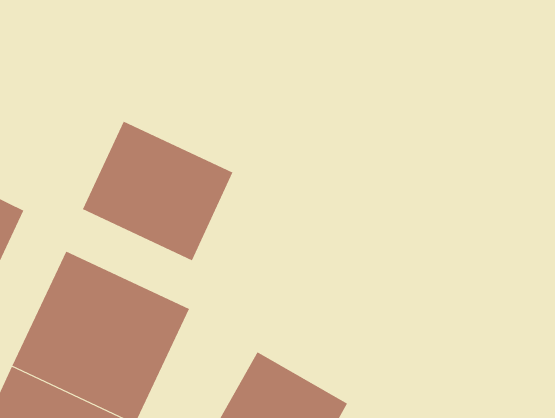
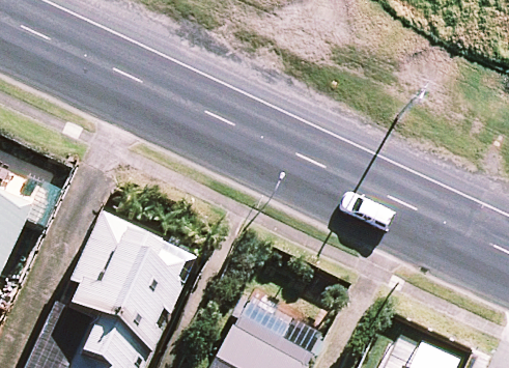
building: [82,121,233,261] -> none

